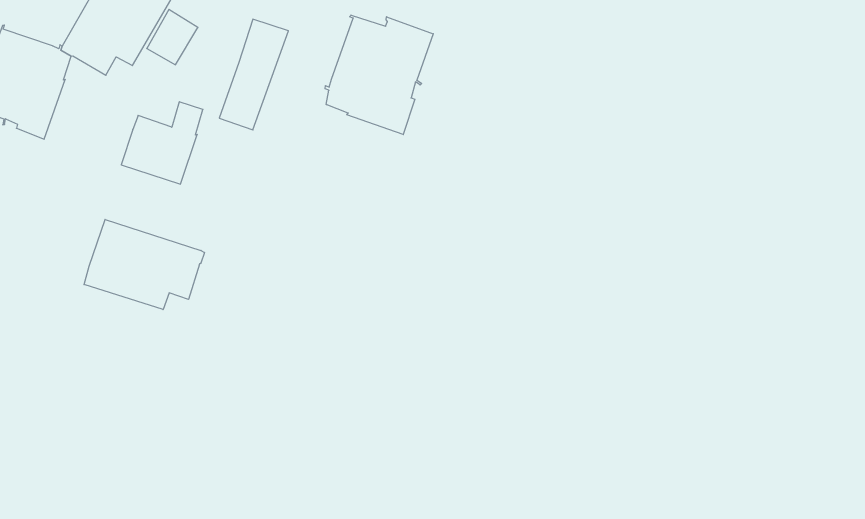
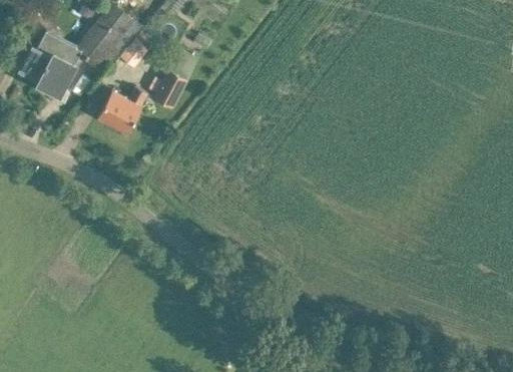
building: [325,15,433,135] -> none
building: [84,219,204,310] -> none

